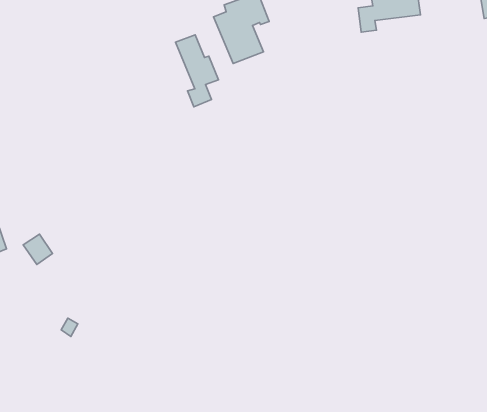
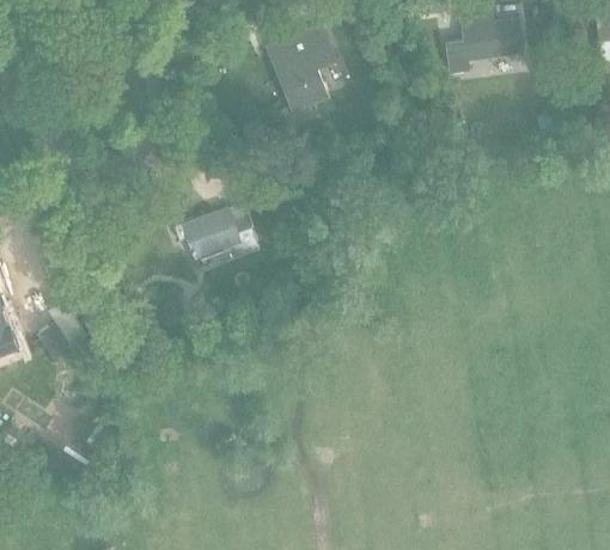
building: [176,35,219,107] -> none
building: none -> [175,208,242,259]

